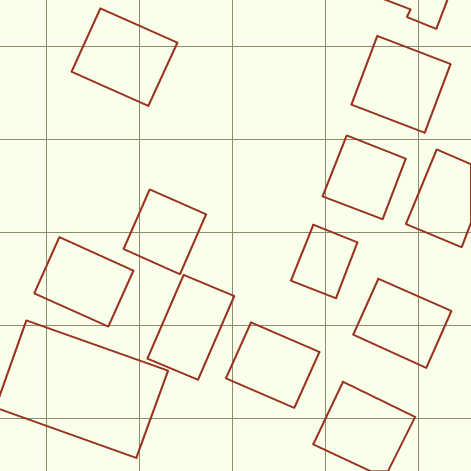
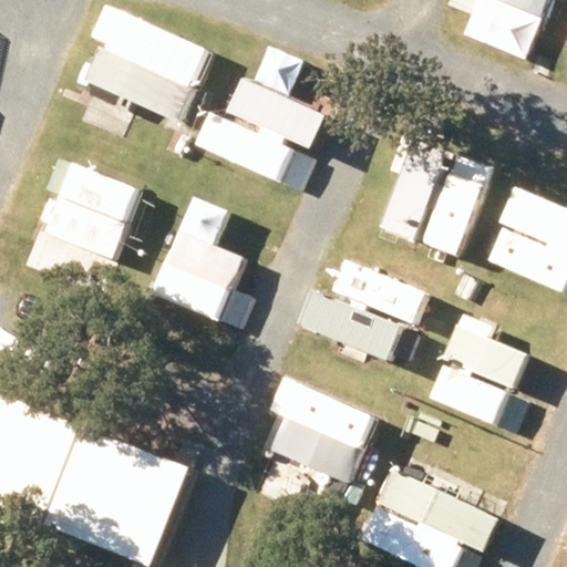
building: [351,36,450,133] -> none
building: none -> [193,79,307,186]
building: [34,237,134,326] -> [21,155,140,261]
building: [148,275,234,380] -> none

